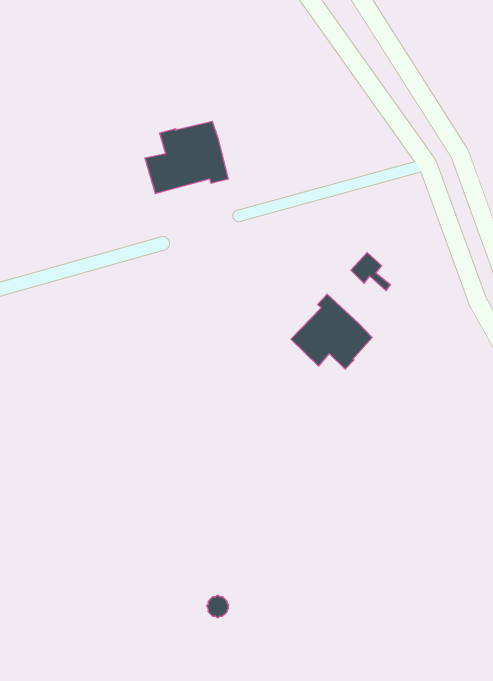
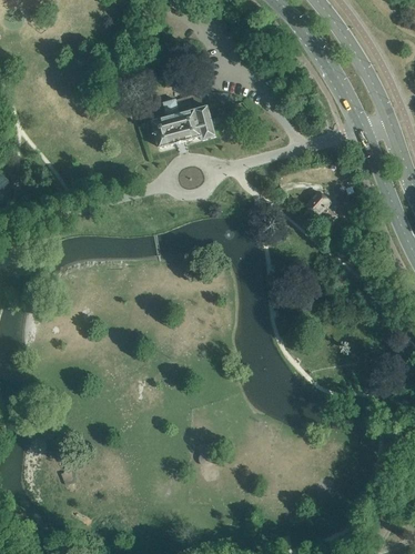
building: [291,294,372,369] -> none

